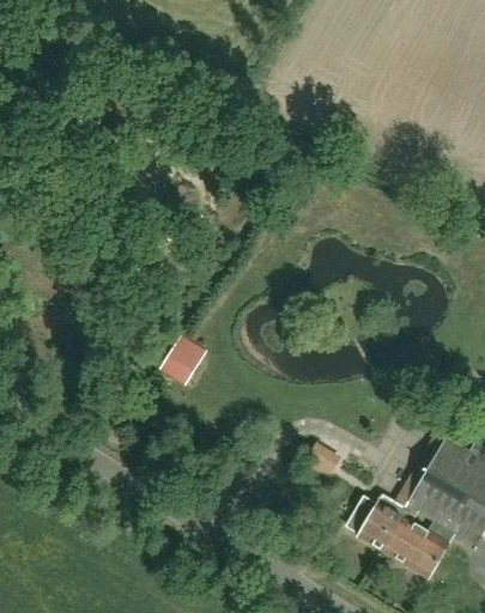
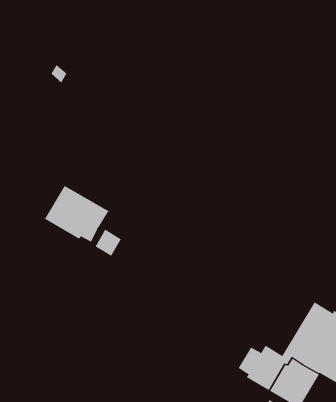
building: none -> [44,185,109,243]

